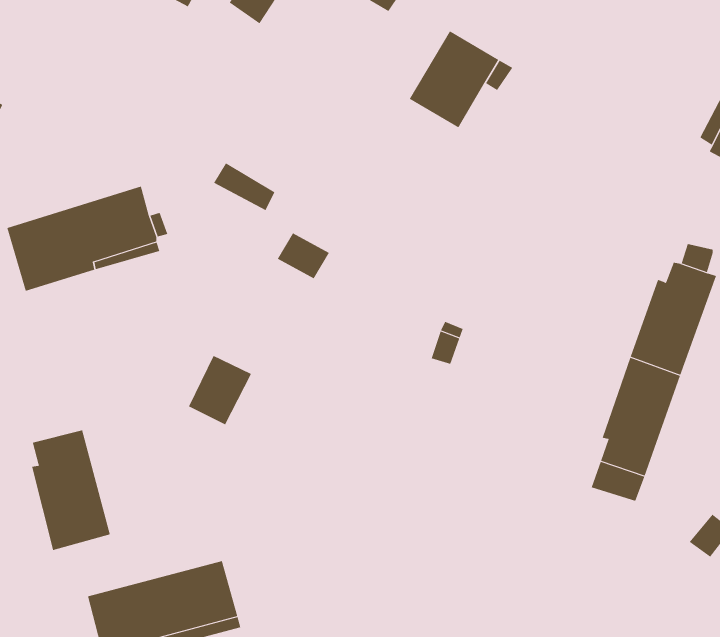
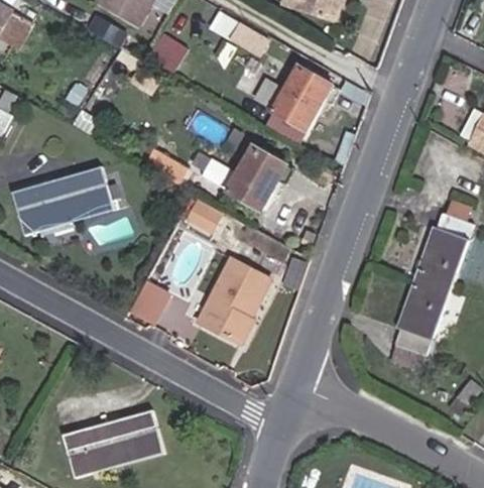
building: none -> [203,147,286,211]
building: none -> [200,258,269,341]
building: [31,429,110,551] -> none

